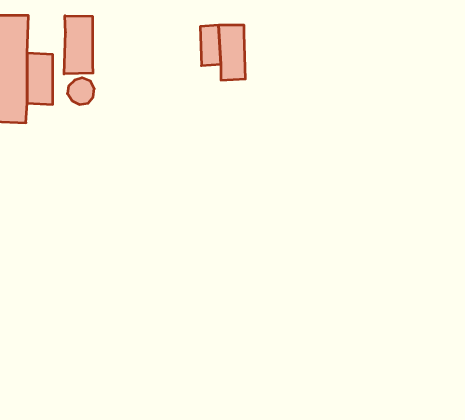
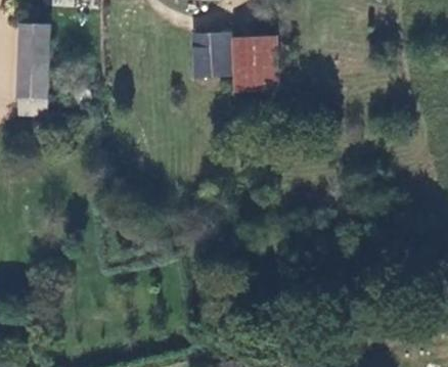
building: [64,16,93,74] -> none
building: none -> [227,39,267,91]

